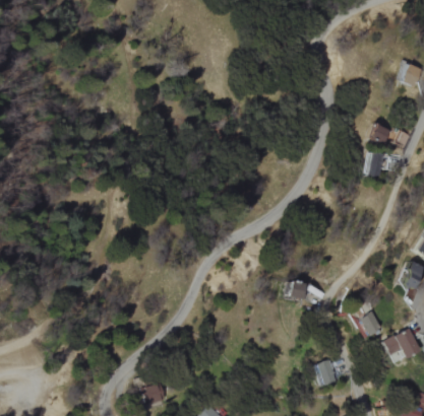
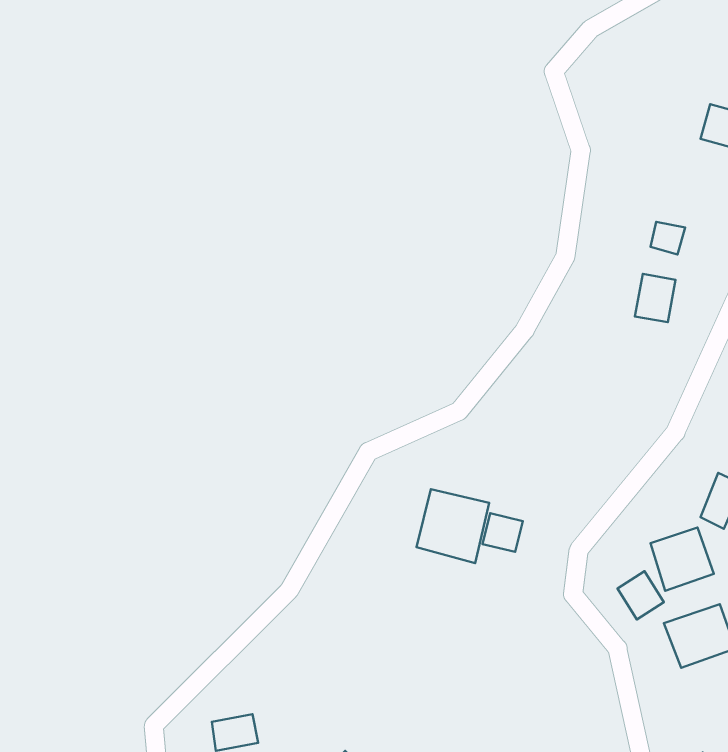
building: none -> [416,489,489,563]
building: none -> [650,527,714,591]
building: [319,362,341,387] -> none

